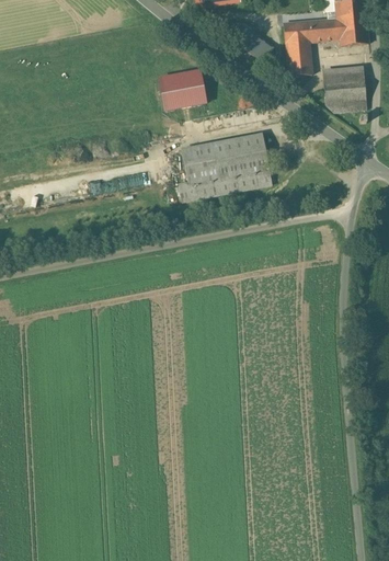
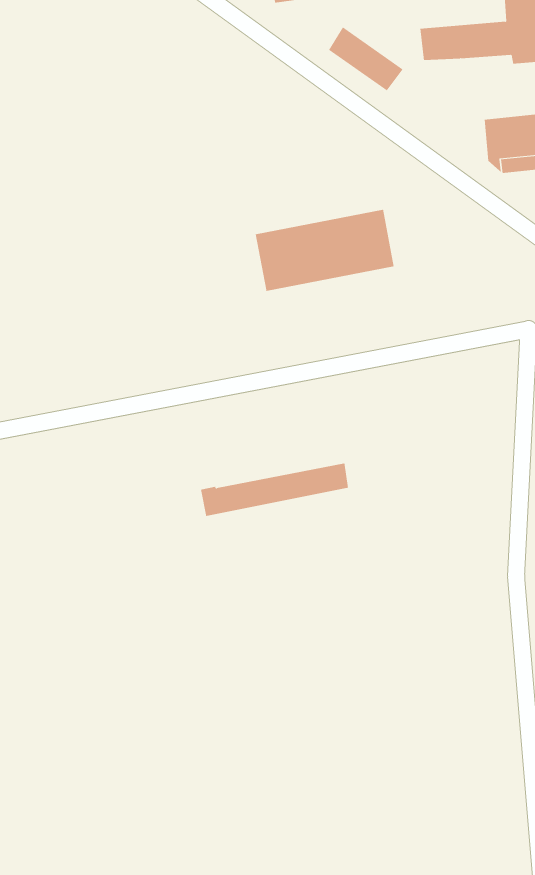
building: [286,41,312,75] -> none
building: [158,68,207,110] -> none
building: [180,168,271,201] -> [200,463,349,517]

